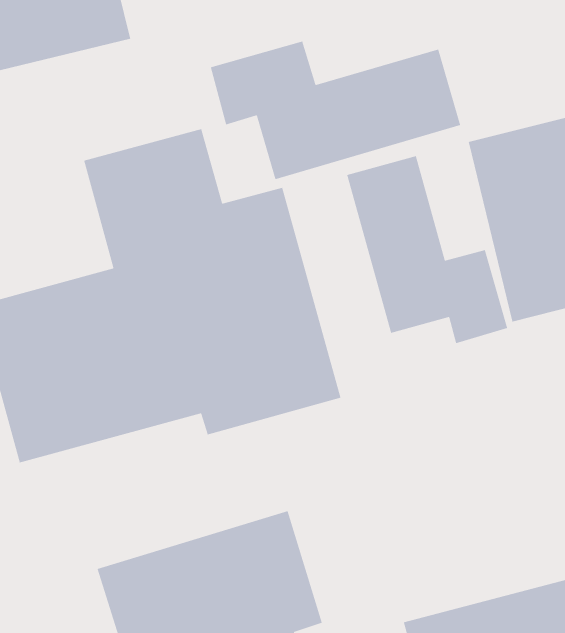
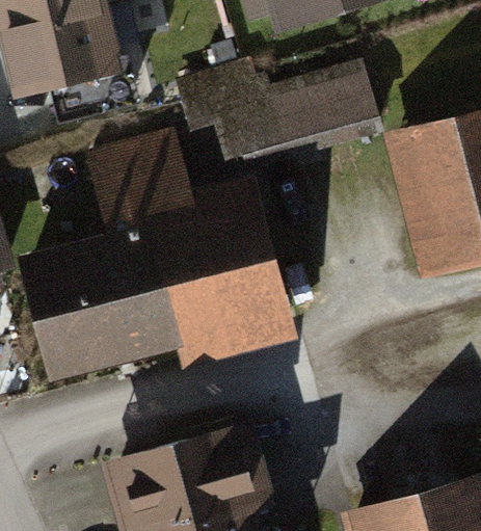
building: [346,155,508,344] -> none

